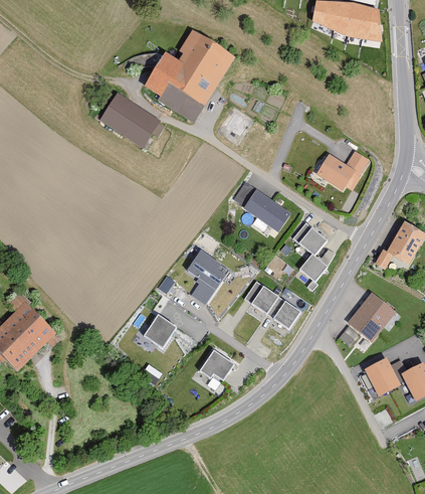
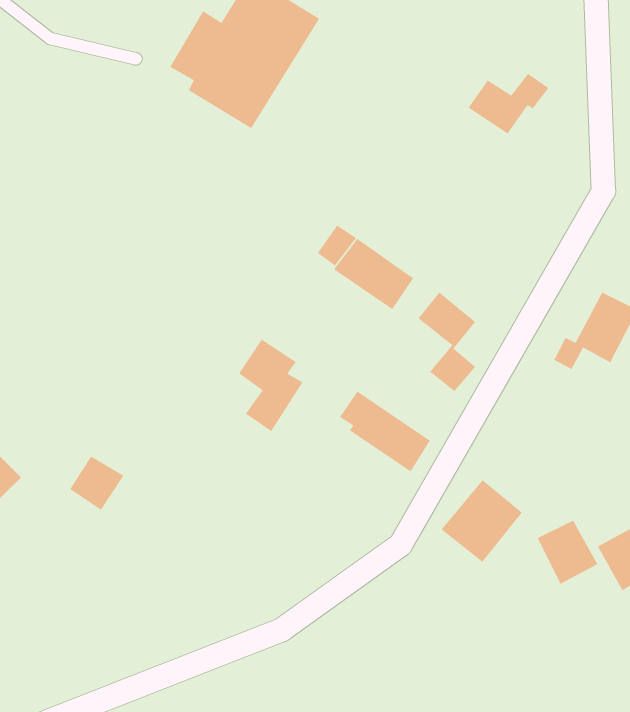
building: [99,92,162,148] -> none
building: [314,144,364,181] -> [467,73,550,135]
building: [347,292,396,342] -> [441,479,523,563]
building: [144,315,177,348] -> [69,456,125,511]
building: [199,349,234,379] -> none

